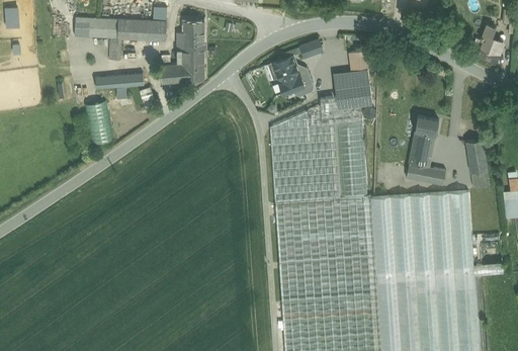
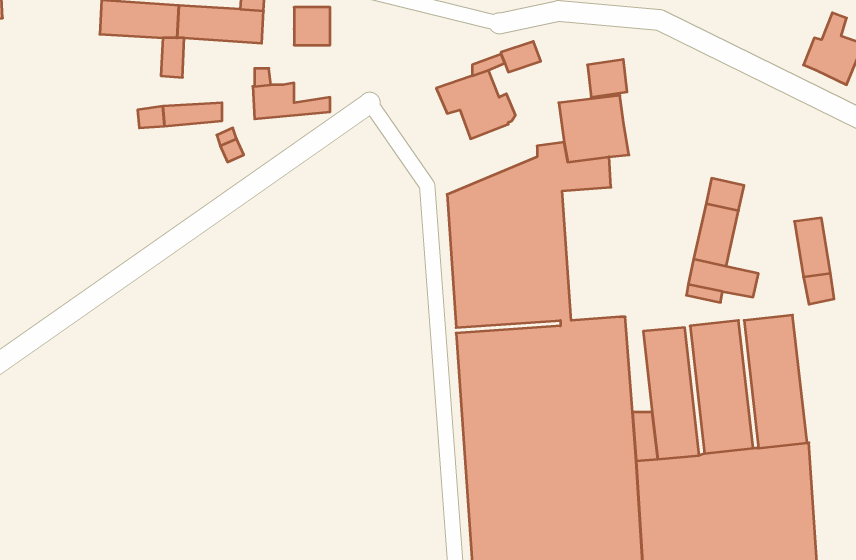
building: [178,32,204,74] -> none
building: [87,101,111,144] -> none
building: [335,121,367,196] -> none

